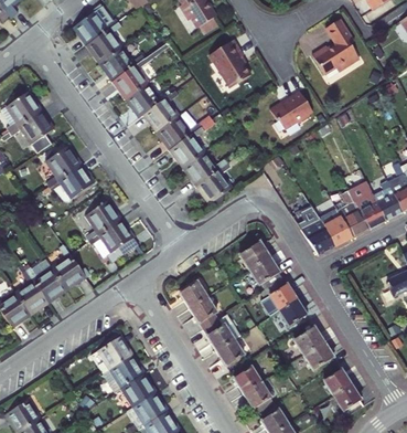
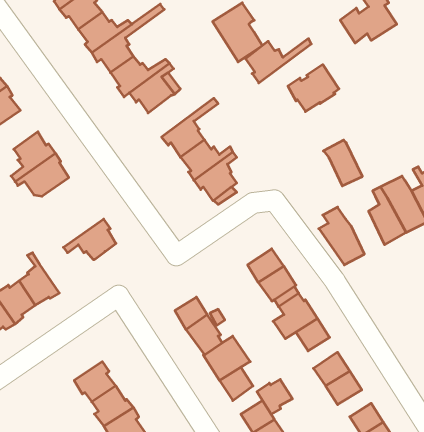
building: [158,114,212,150] -> [245,39,311,83]
building: [86,201,121,241] -> none
building: [320,209,352,246] -> [323,140,362,186]
building: none -> [257,379,292,414]

